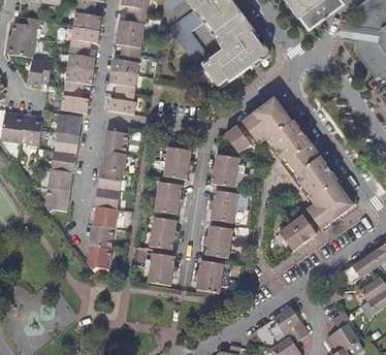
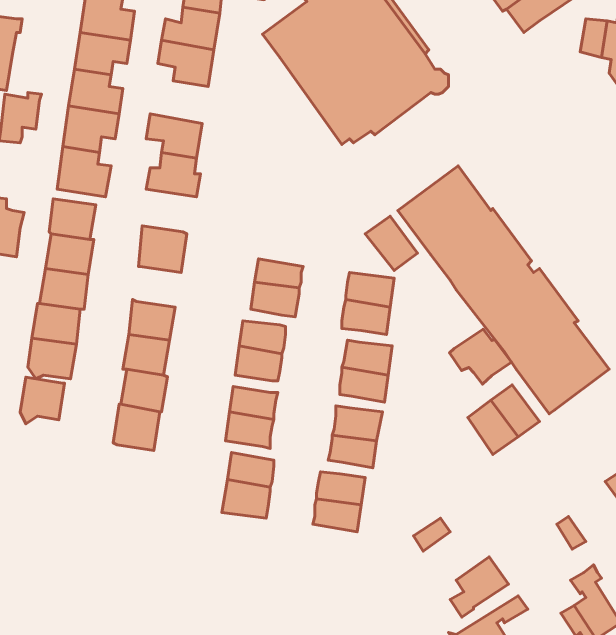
building: [109,53,140,75] -> none
building: [102,152,127,173] -> none
building: none -> [450,329,512,384]
building: [89,247,112,271] -> [20,377,65,424]

